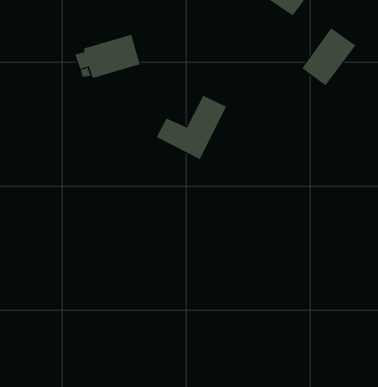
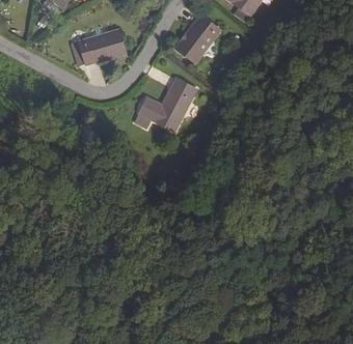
building: [302,28,356,86] -> [175,15,220,62]

